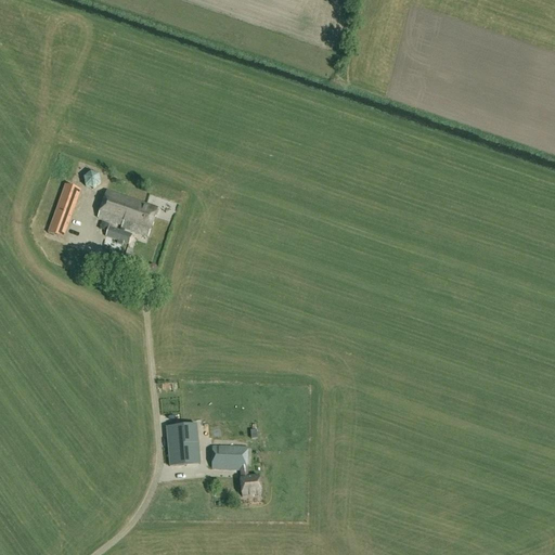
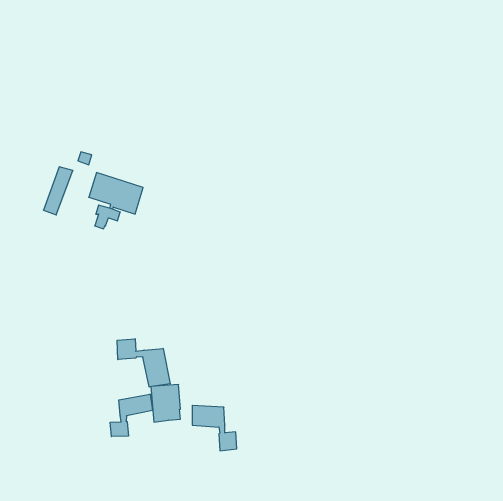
building: none -> [117,339,170,387]
building: none -> [110,394,153,437]

